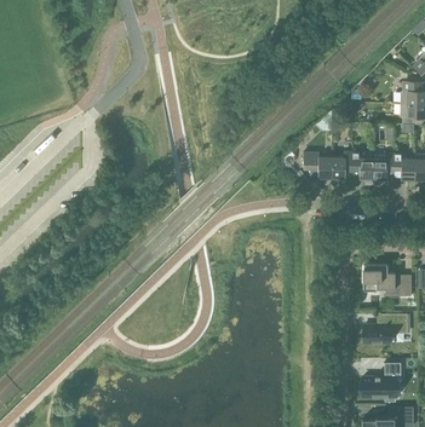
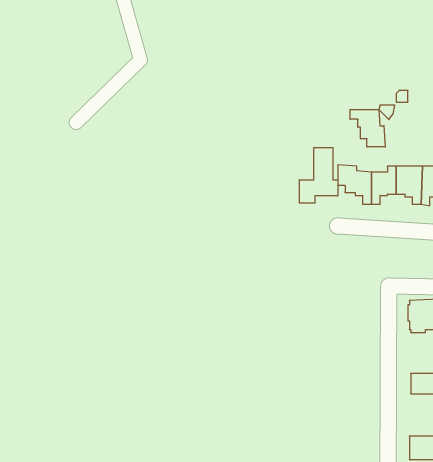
building: none -> [350,109,385,147]
building: none -> [299,148,338,203]

